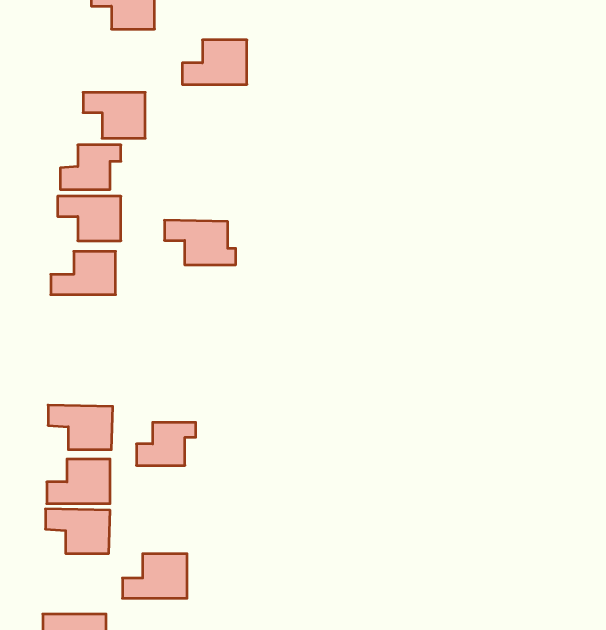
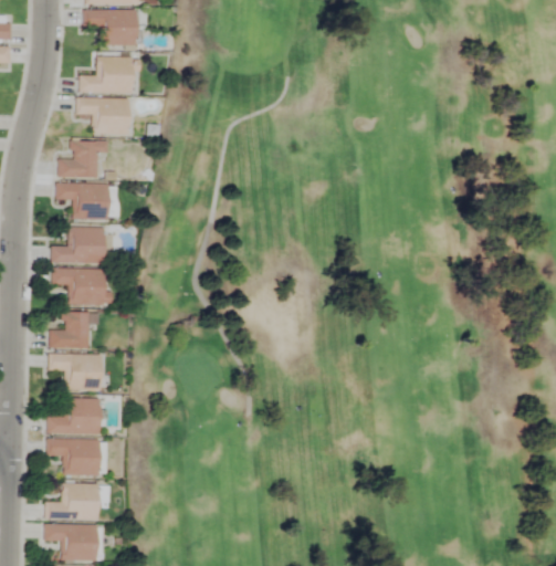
building: [182,40,247,84] -> [80,56,133,93]
building: [164,220,236,265] -> [52,269,111,305]
building: [136,422,196,465] -> [50,313,98,348]
building: [122,554,187,598] -> [45,483,98,520]

